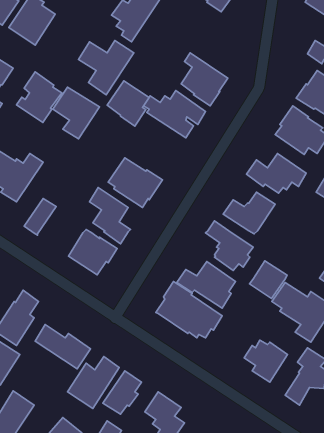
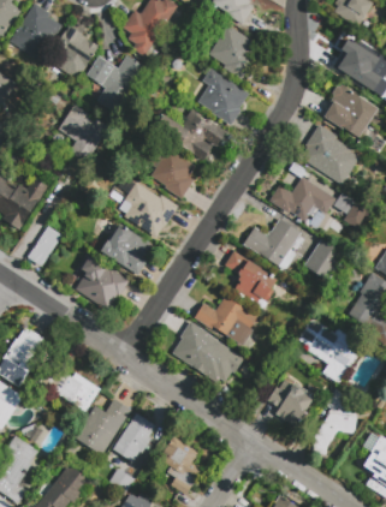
building: none -> [209,25,259,78]
building: [16,72,62,123] -> [49,24,99,79]
building: [107,81,149,126] -> [150,148,196,197]
building: [249,261,287,298] -> [304,239,345,280]

